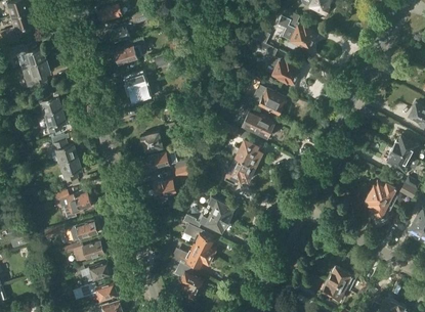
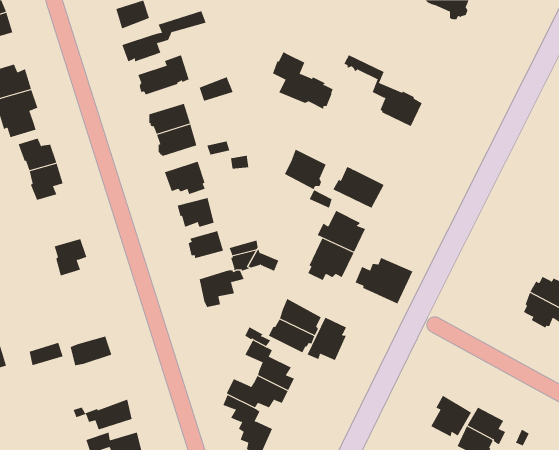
building: [278,10,317,48] -> [272,52,334,110]
building: [258,88,286,115] -> [284,149,327,190]
building: none -> [164,159,205,195]
building: [51,140,77,165] -> none
building: none -> [355,257,413,310]
building: [53,190,91,220] -> none
building: none -> [307,317,347,361]
building: [63,241,103,262] -> none
building: none -> [431,395,472,437]

